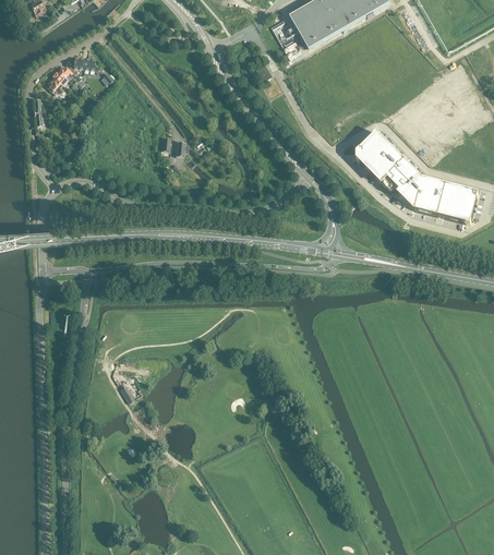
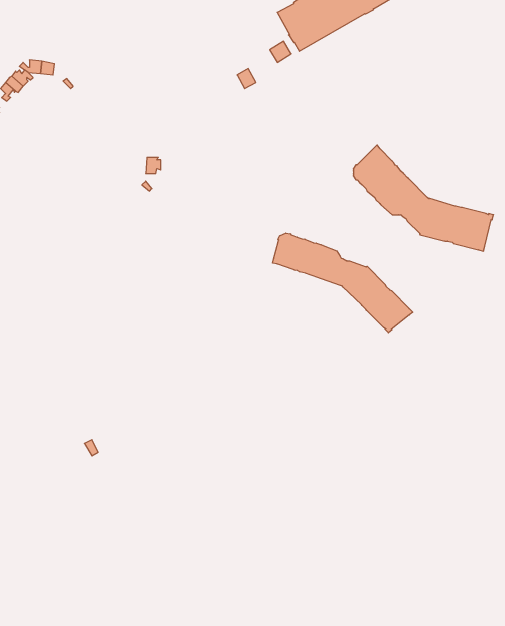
building: none -> [273,233,413,333]

